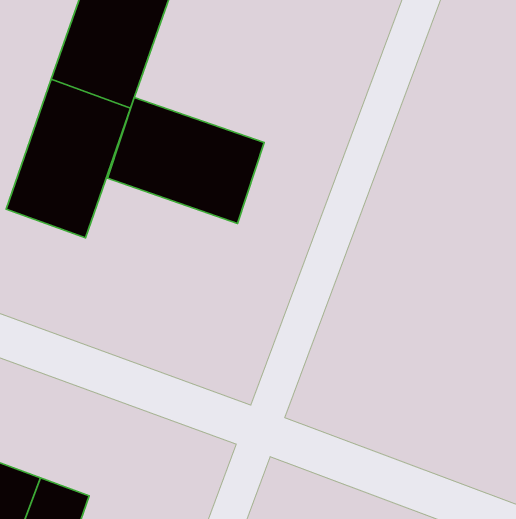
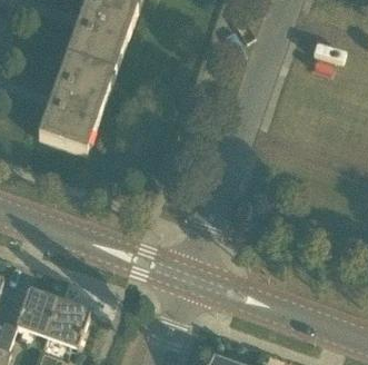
building: [107,97,264,223] -> none

